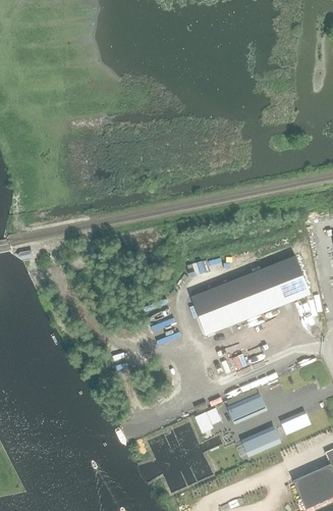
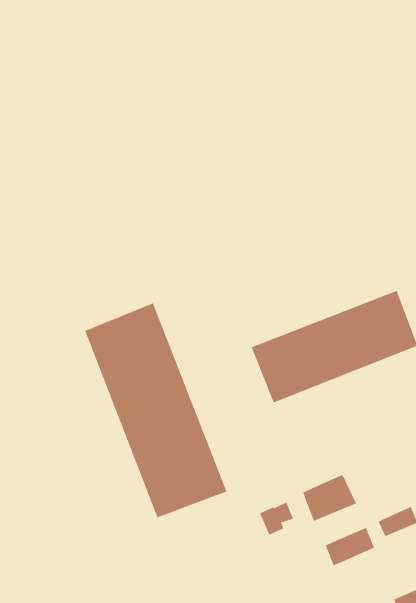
building: none -> [85,303,227,518]

